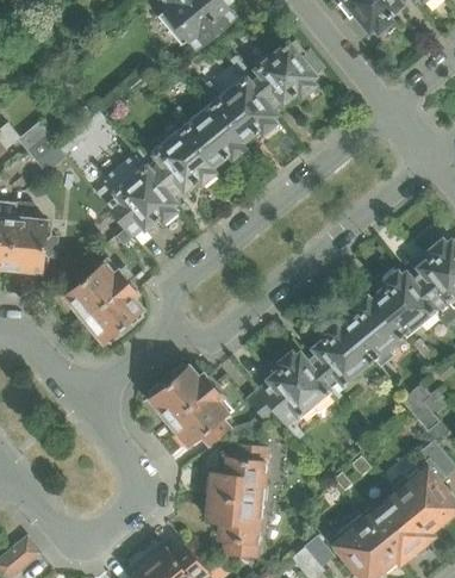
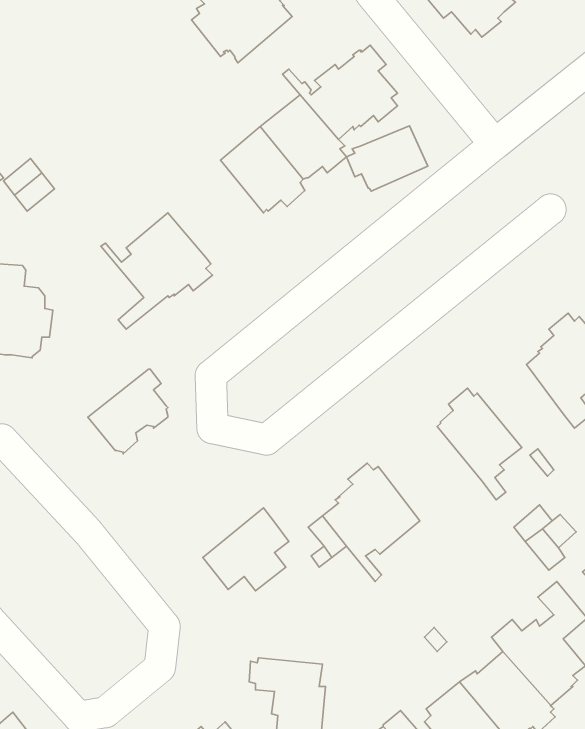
building: none -> [346,126,428,191]
building: [135,125,216,198] -> none
building: [64,257,135,317] -> none
building: [374,271,438,340] -> none
building: [304,321,378,405] -> none
building: [149,363,217,422] -> none
building: [206,445,268,502] -> none

